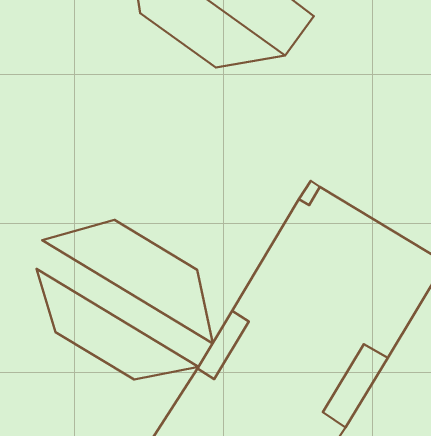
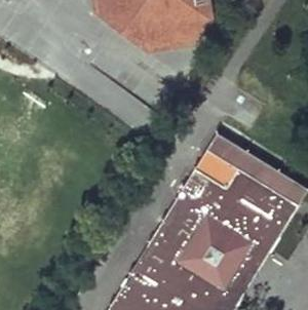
building: [42,220,213,343] -> none
building: [37,269,198,380] -> none

